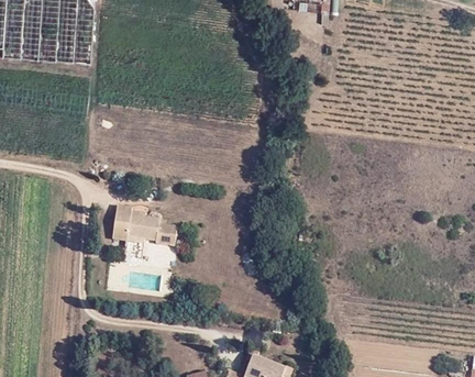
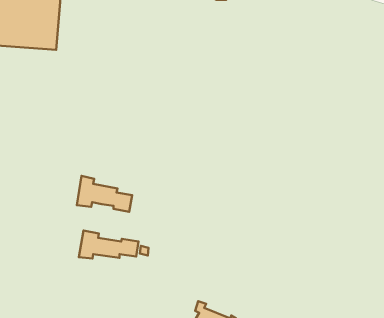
building: none -> [79,230,139,259]

